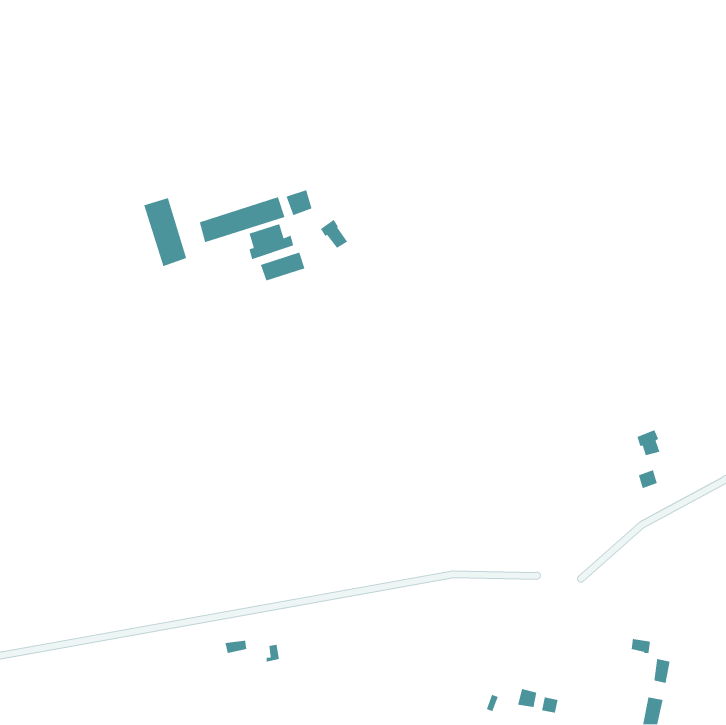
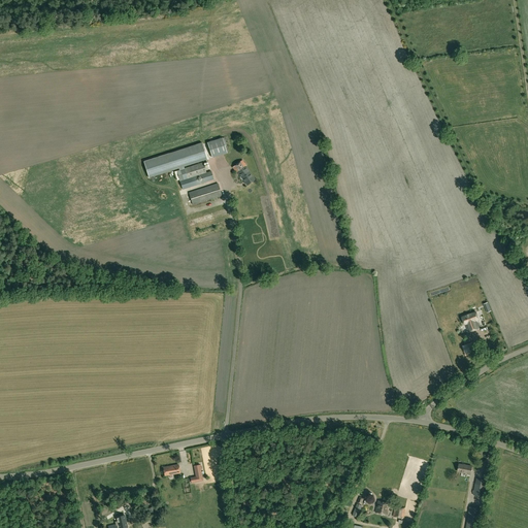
building: [143,197,187,267] -> none

